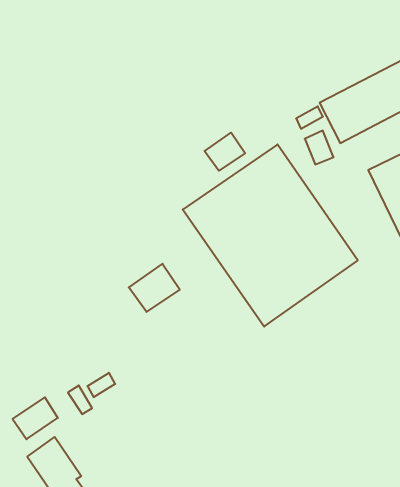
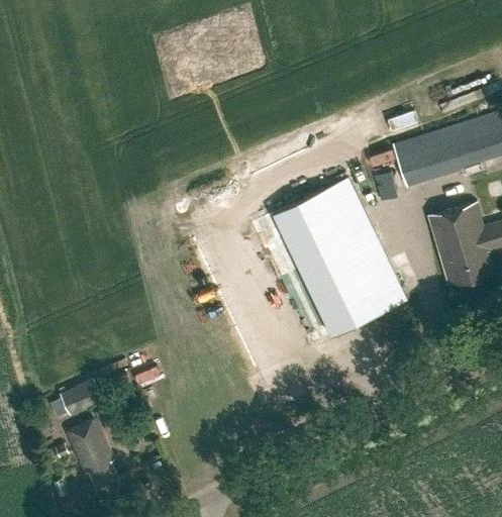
building: [205,133,245,171] -> none
building: [129,264,180,312] -> none

